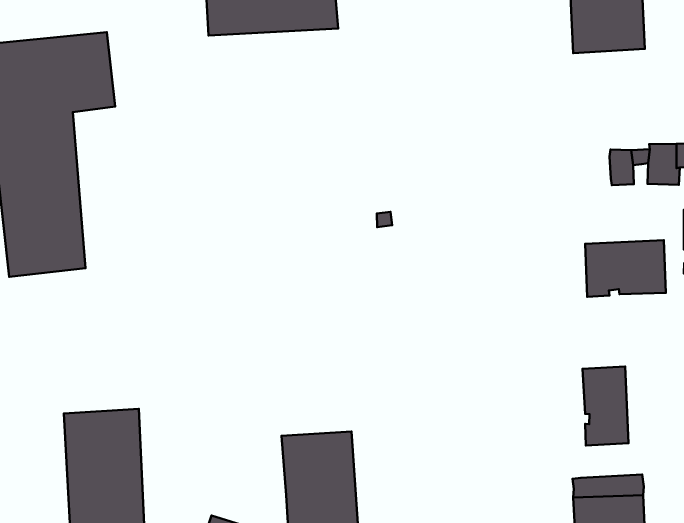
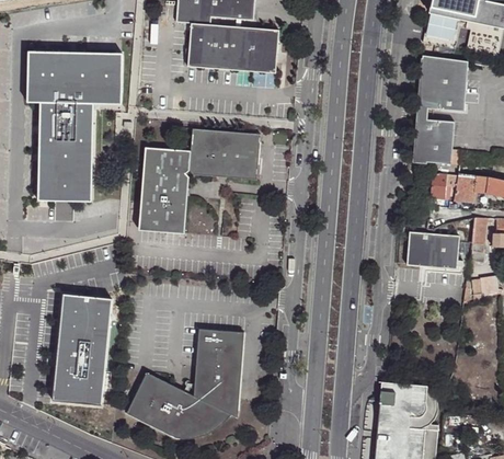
building: none -> [413,121,455,165]
building: none -> [137,127,260,229]
building: [582,367,629,446] -> none

